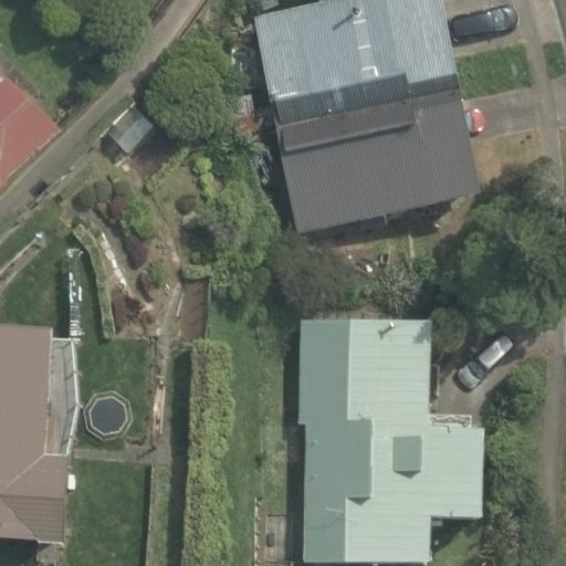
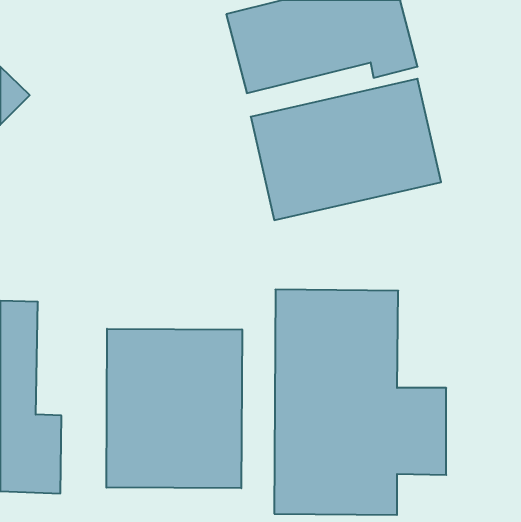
building: none -> [106,329,242,488]

